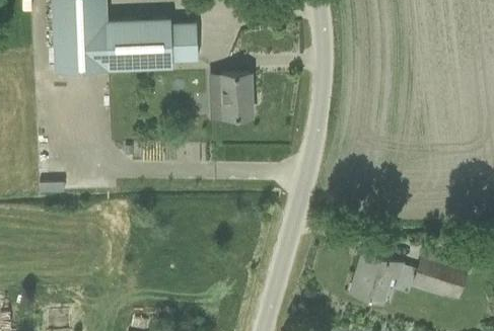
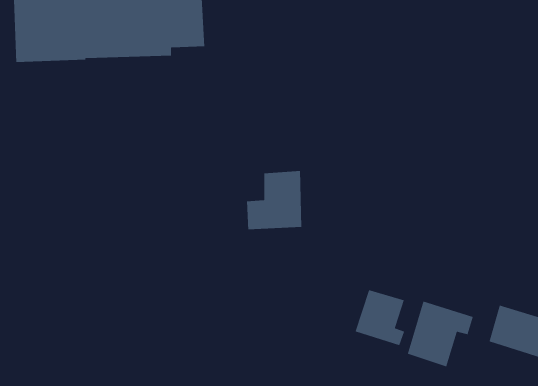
building: [210,74,253,119] -> [246,170,302,230]
building: none -> [354,289,405,346]

